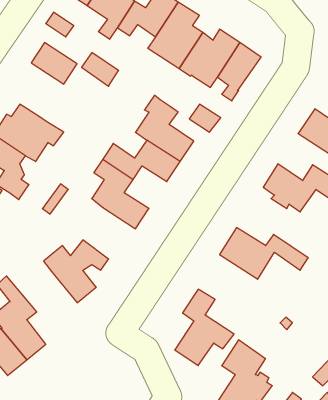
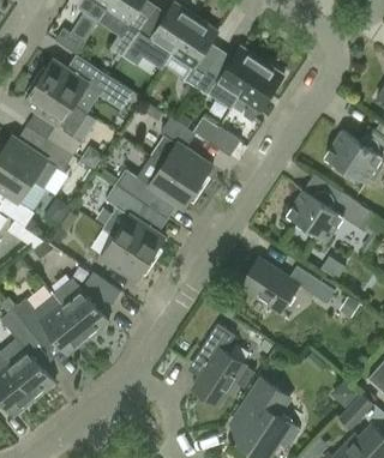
building: none -> [24,82,88,156]
building: none -> [101,236,150,281]
building: none -> [12,294,88,355]

